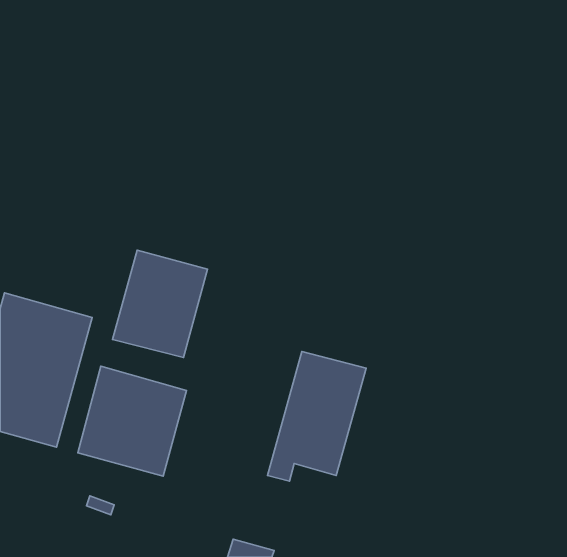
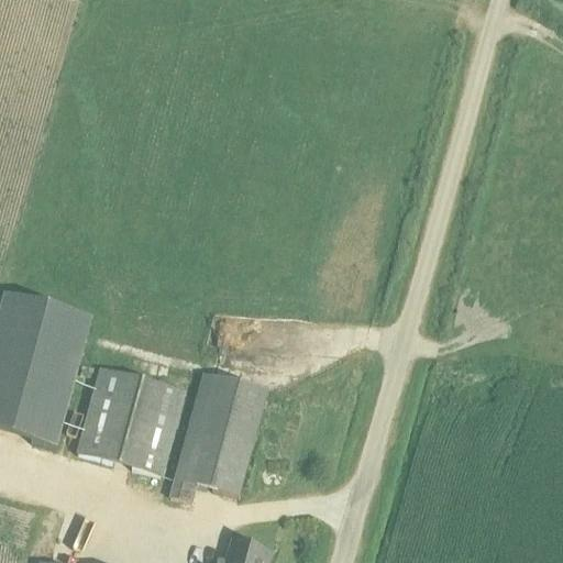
building: [113,250,207,358] -> none
building: [267,351,366,481] -> [169,369,267,498]

